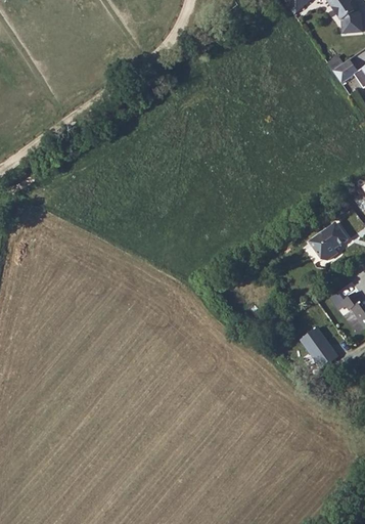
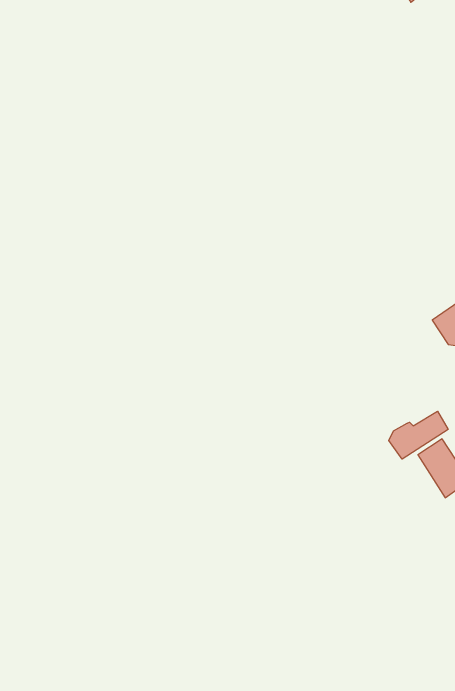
building: none -> [389,411,448,459]

